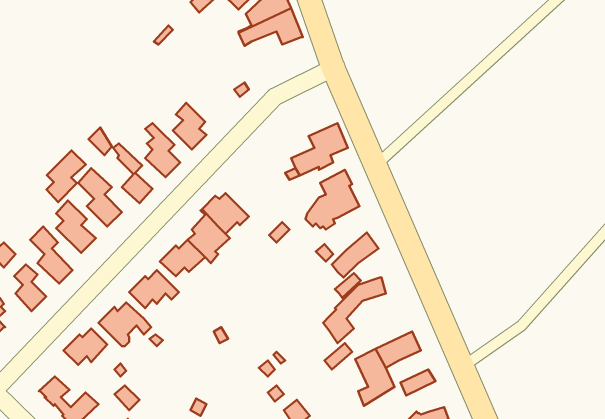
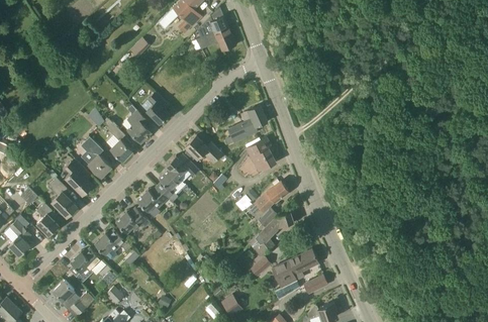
building: [47,150,86,202] -> none
building: none -> [185,135,222,163]

